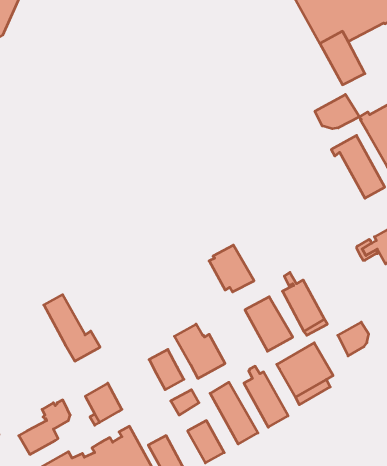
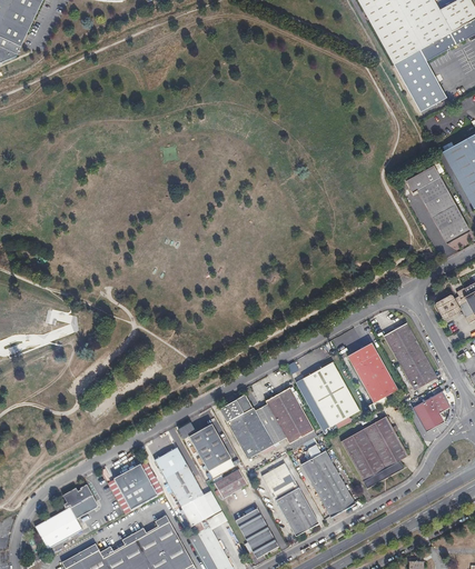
building: [315,94,359,129] -> none
building: [209,245,254,292] -> [260,387,314,442]
building: none -> [384,322,436,389]
building: [44,295,100,361] -> [155,447,221,526]

